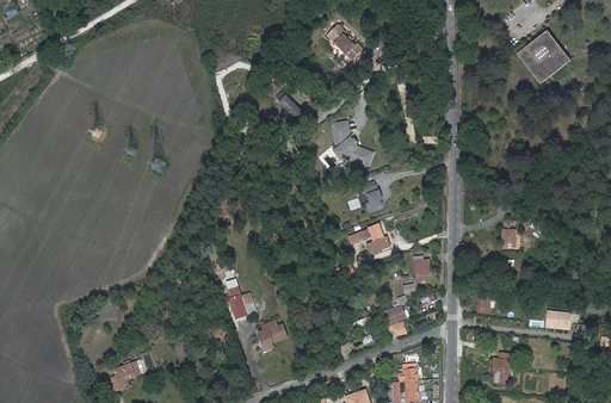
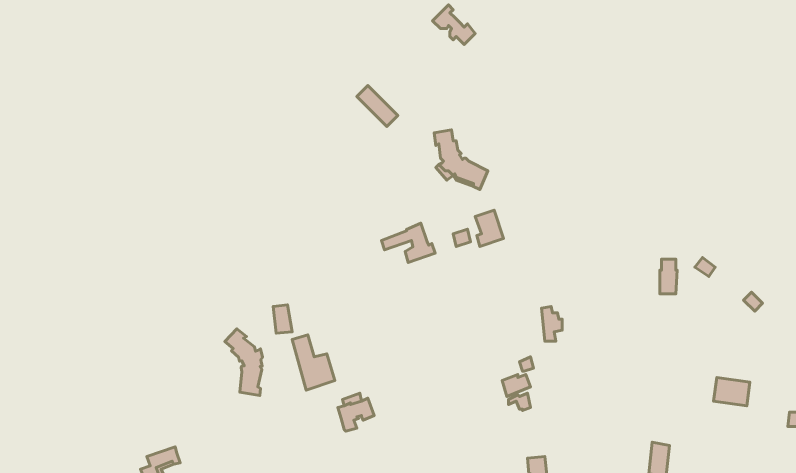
building: [516,29,570,82] -> none
building: [347,223,388,253] -> [381,223,435,263]
building: none -> [225,329,262,395]

